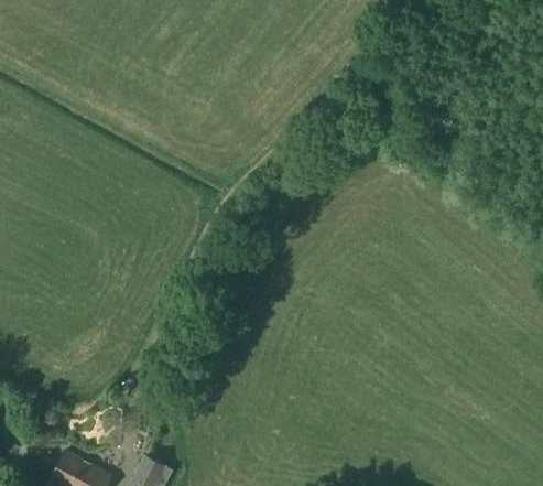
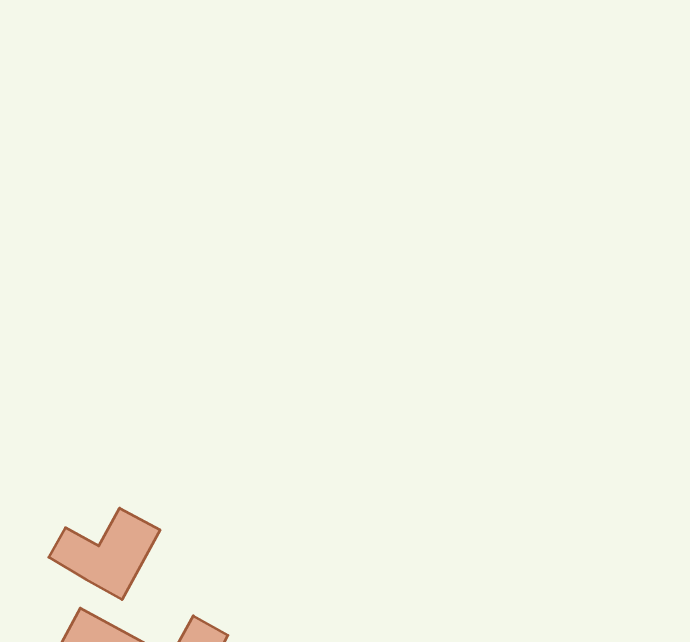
building: none -> [49,508,160,600]

